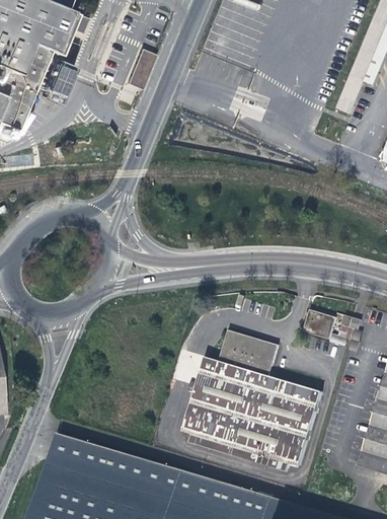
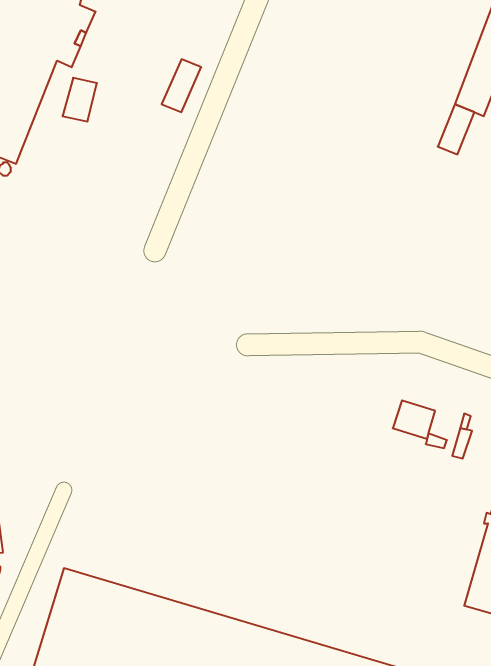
building: [184,328,322,468] -> none

